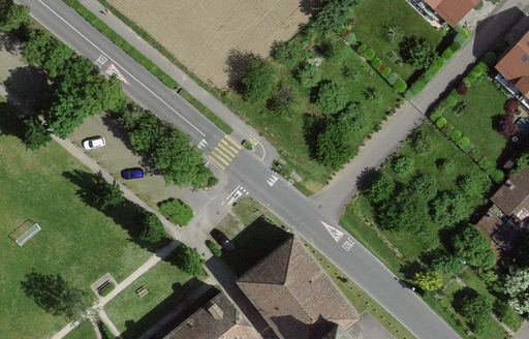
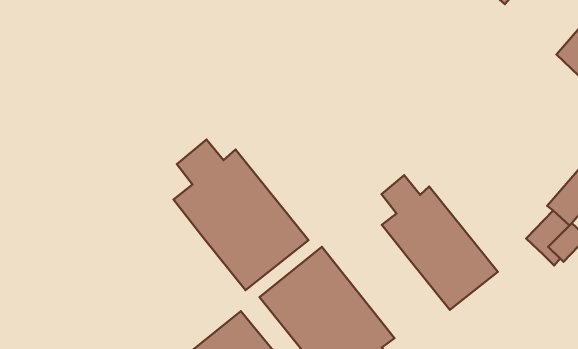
building: none -> [173,139,309,290]
building: none -> [382,175,498,310]

